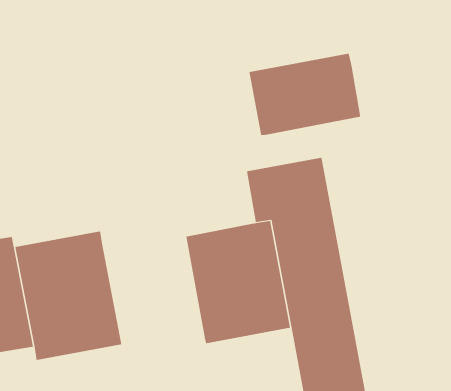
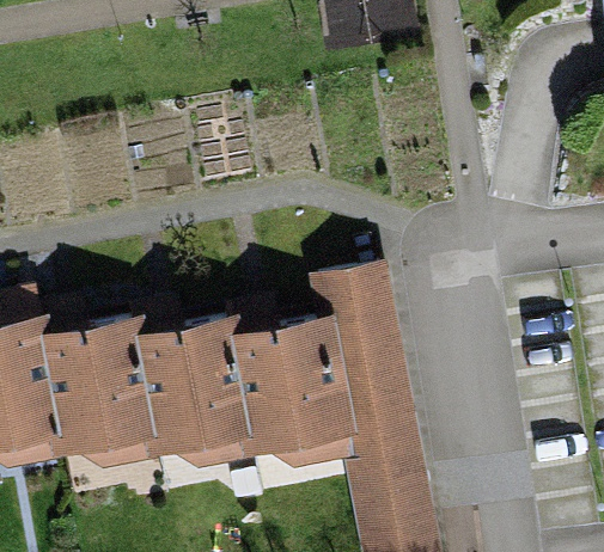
building: [249,53,361,136] -> none
building: none -> [140,327,244,462]

